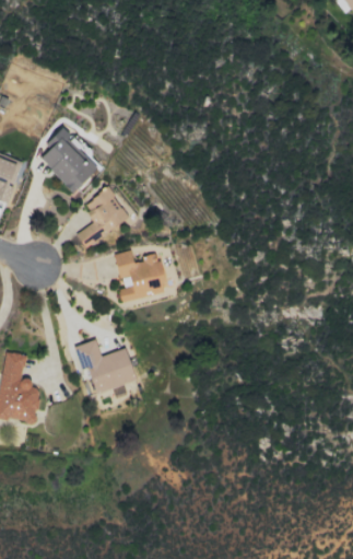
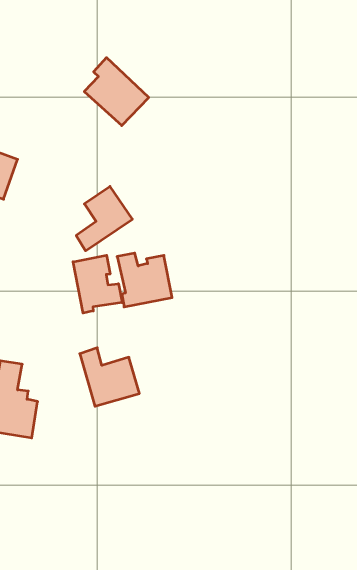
building: [40,128,101,191] -> [84,58,149,126]
building: none -> [73,255,122,313]

